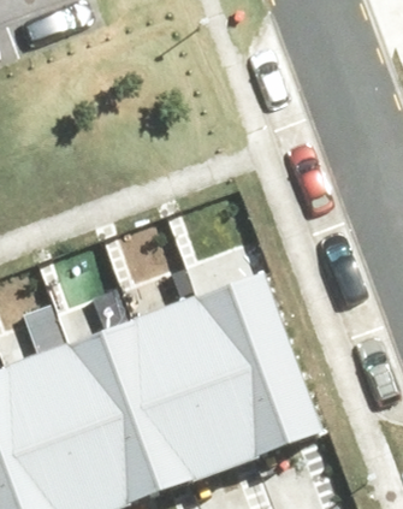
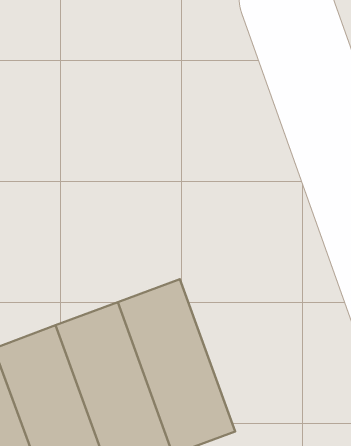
building: [197,272,321,455] -> none

